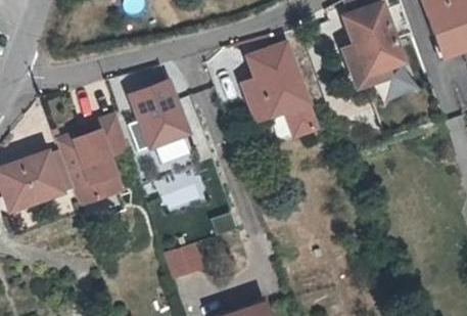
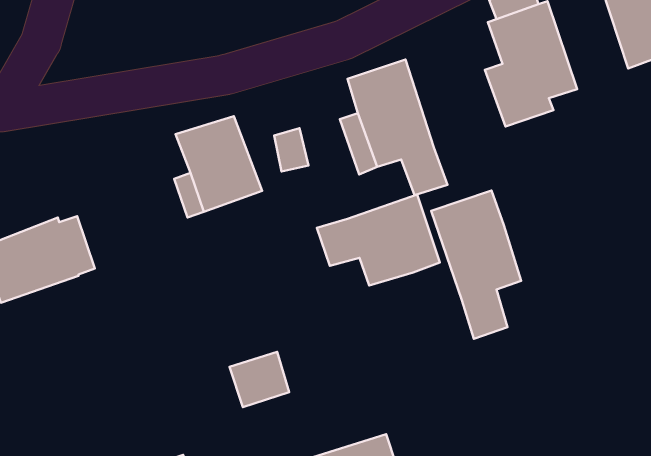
building: [57,112,130,226] -> none
building: none -> [431,191,521,339]
building: none -> [317,194,440,285]

